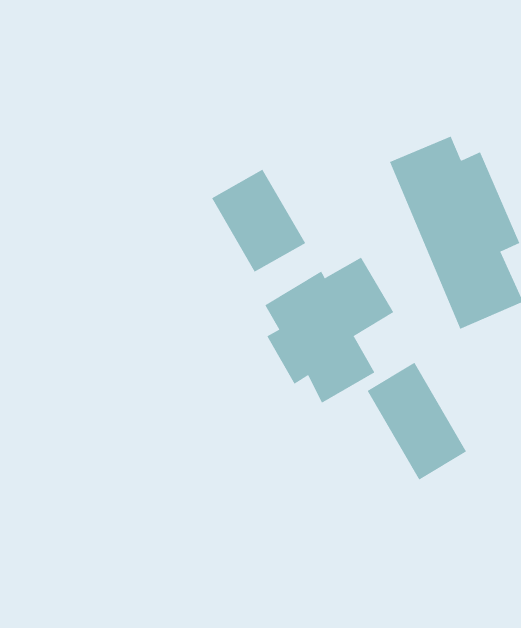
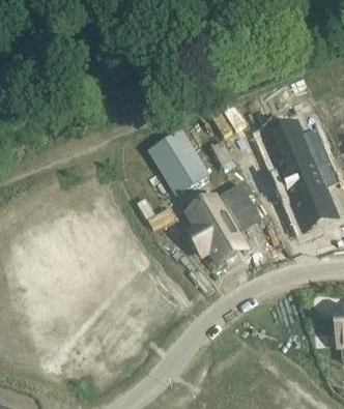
building: [367,362,467,480] -> none

